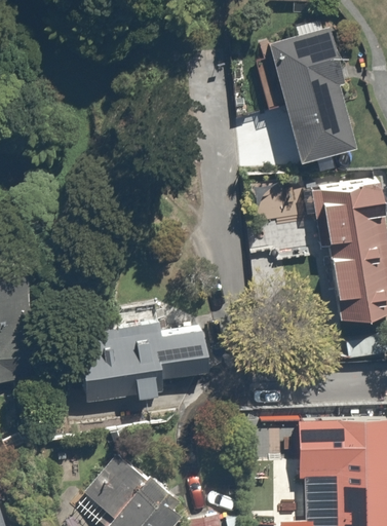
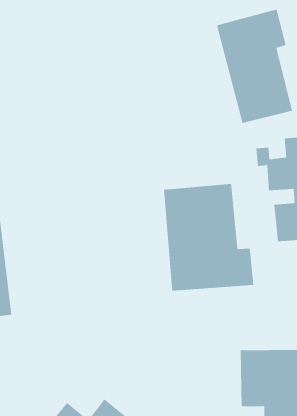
building: none -> [164,183,254,292]
building: [80,327,215,407] -> none

